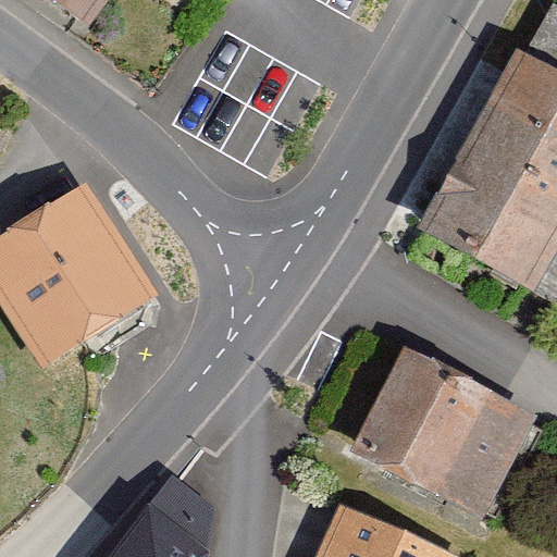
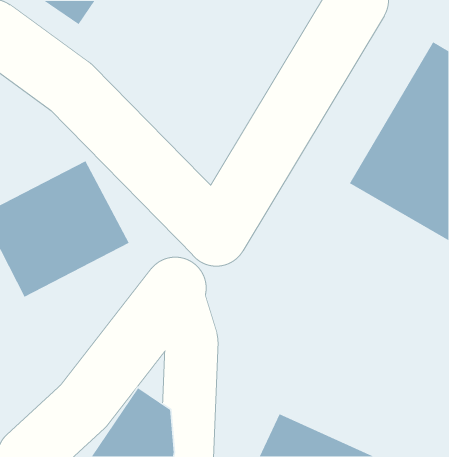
building: [356,352,536,515] -> none

